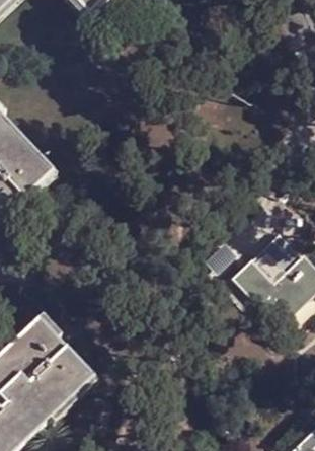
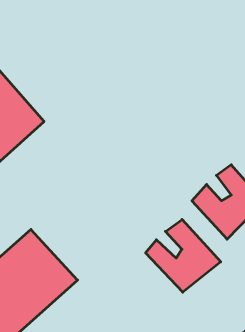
building: none -> [146,219,221,292]

